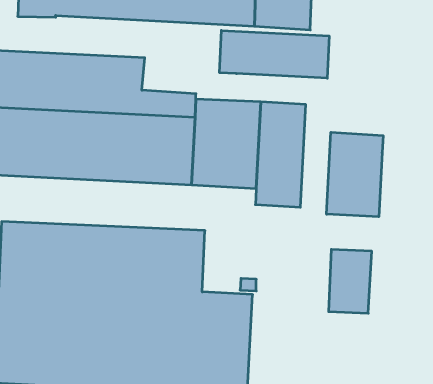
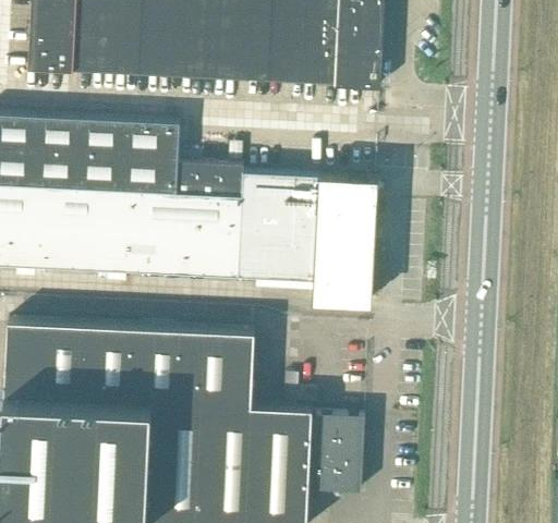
building: [220,30,329,78] -> none
building: [327,132,383,217] -> none
building: [329,249,372,313] -> [311,415,363,492]

